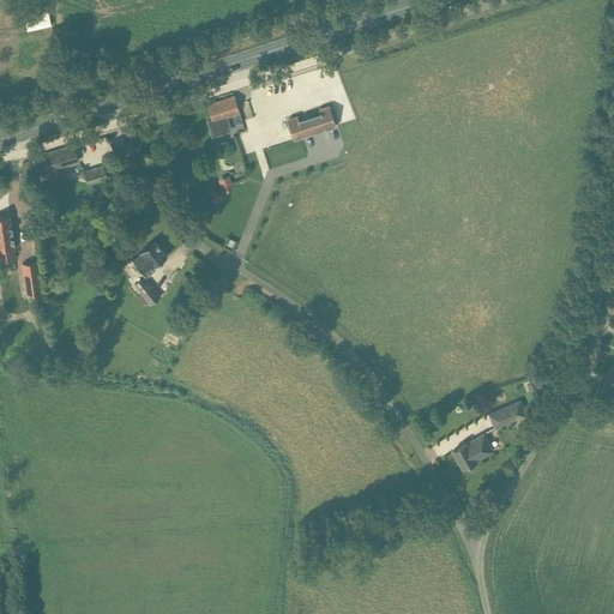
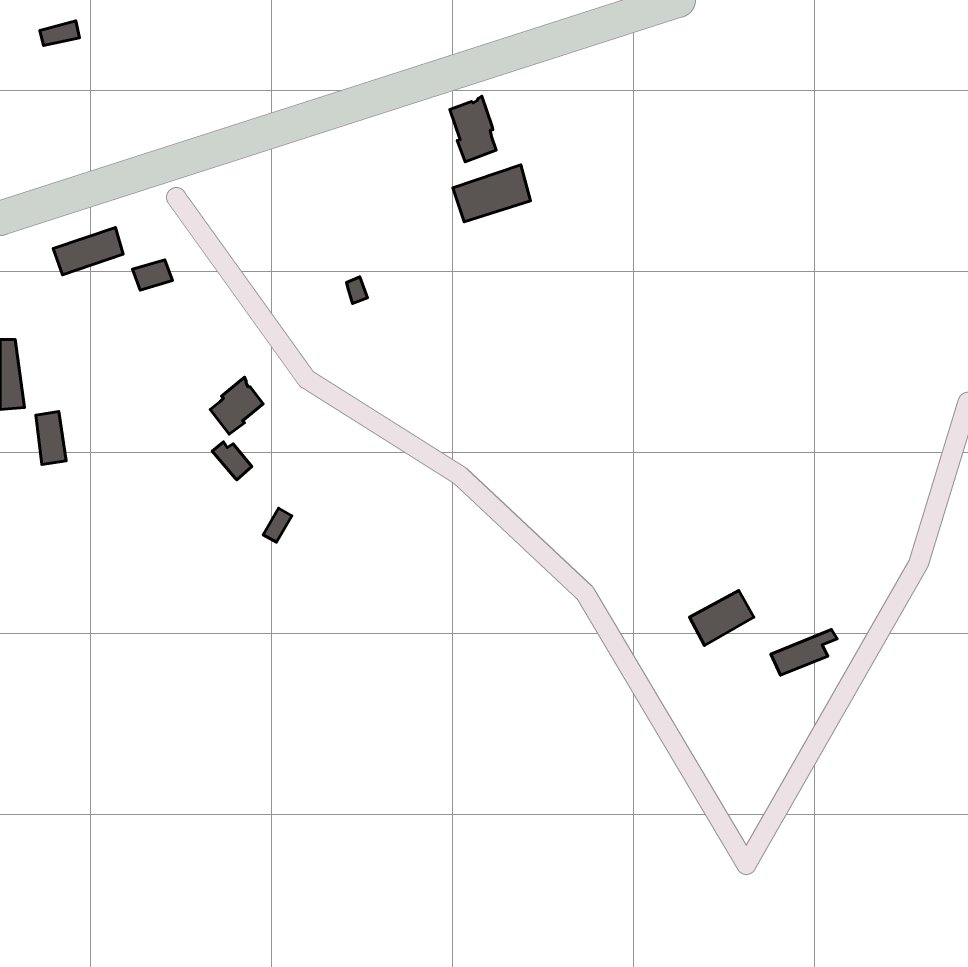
building: none -> [450,96,496,162]
building: [207,96,242,137] -> none
building: [452,434,493,469] -> [689,590,754,645]

